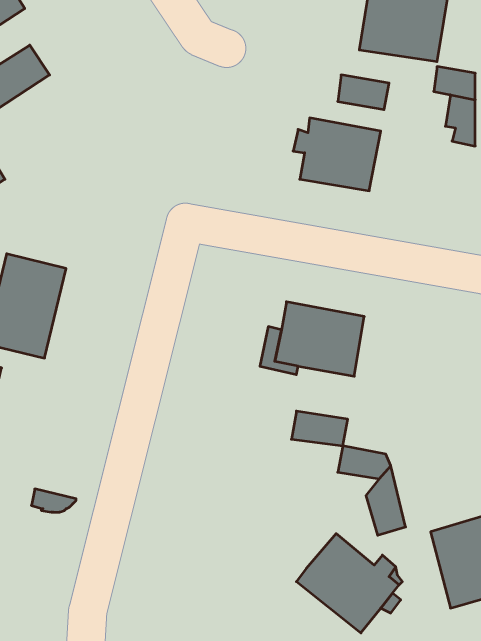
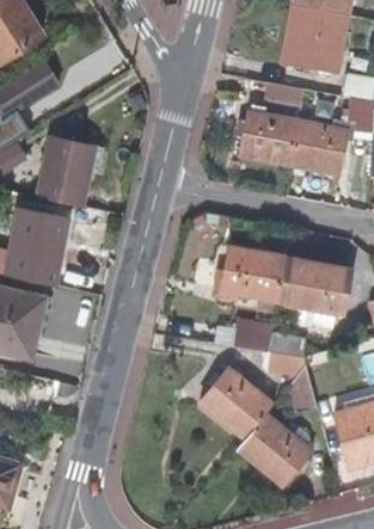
building: none -> [289,123,347,176]
building: none -> [37,139,102,208]
building: none -> [278,257,350,324]
building: none -> [198,367,272,438]

